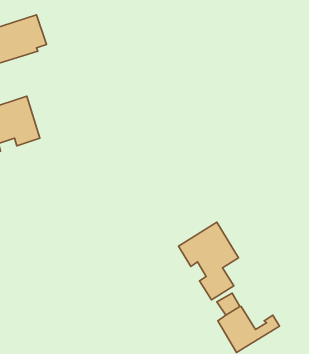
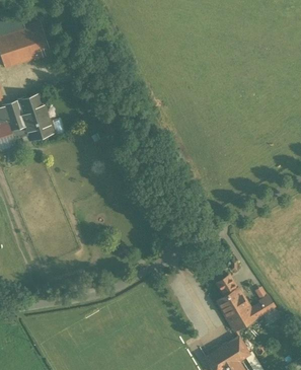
building: [179,222,239,300] -> none

